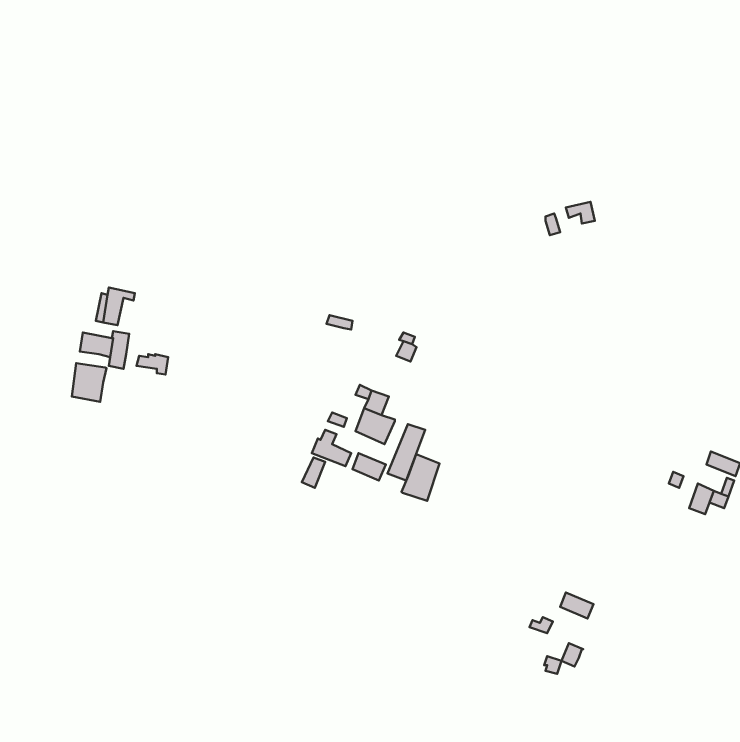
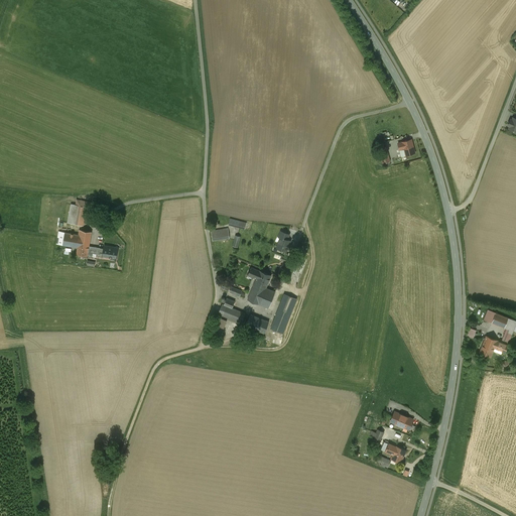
building: [72,363,107,402] -> none
building: [402,454,439,501] -> none

